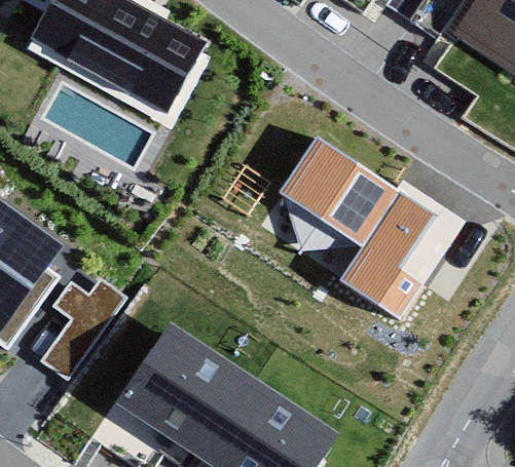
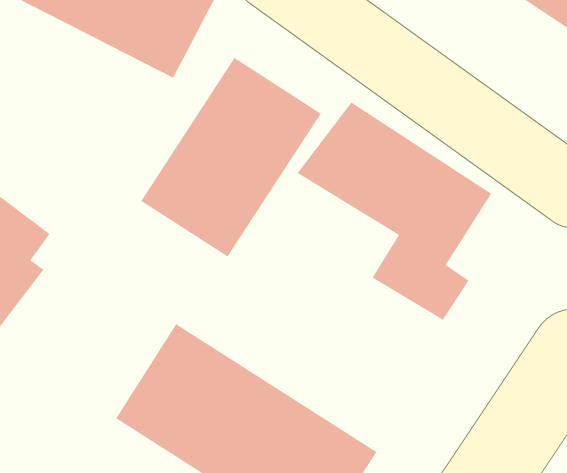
building: none -> [140,57,322,258]
building: [39,280,123,381] -> none

